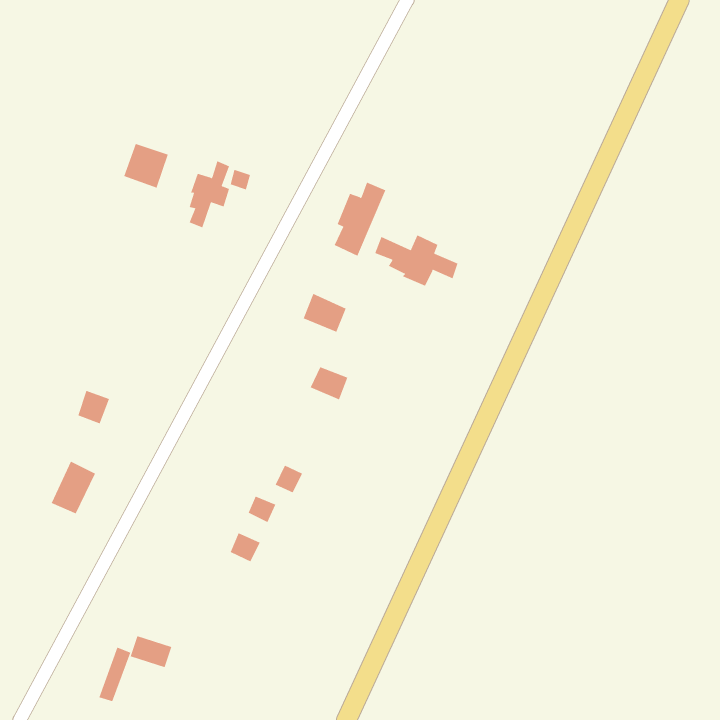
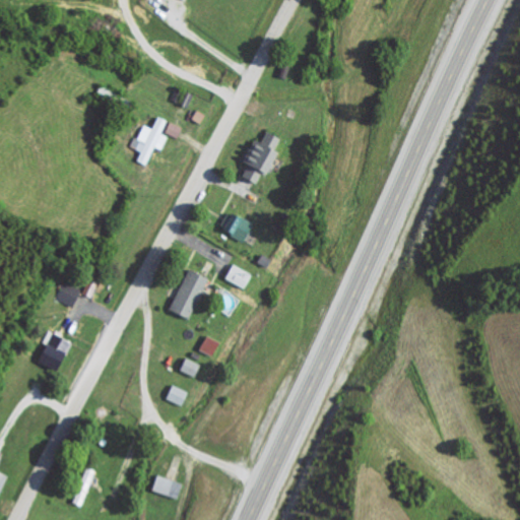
building: [123,143,169,189] -> none
building: [375,235,458,286] -> none
building: none -> [168,269,207,319]
building: [130,635,172,668] -> [151,475,182,499]

